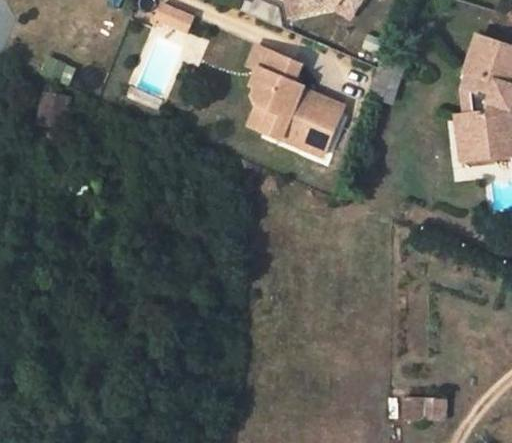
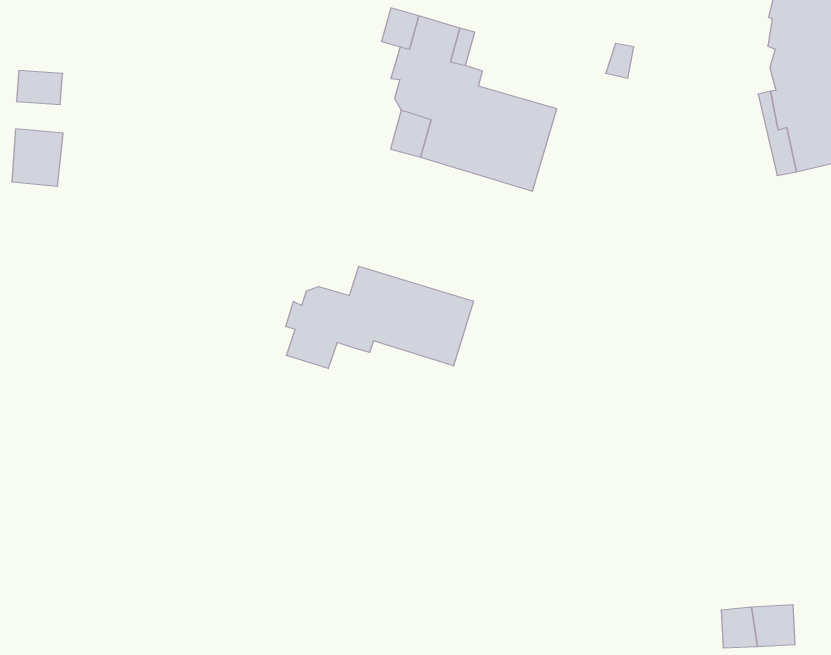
building: none -> [286,266,474,369]

